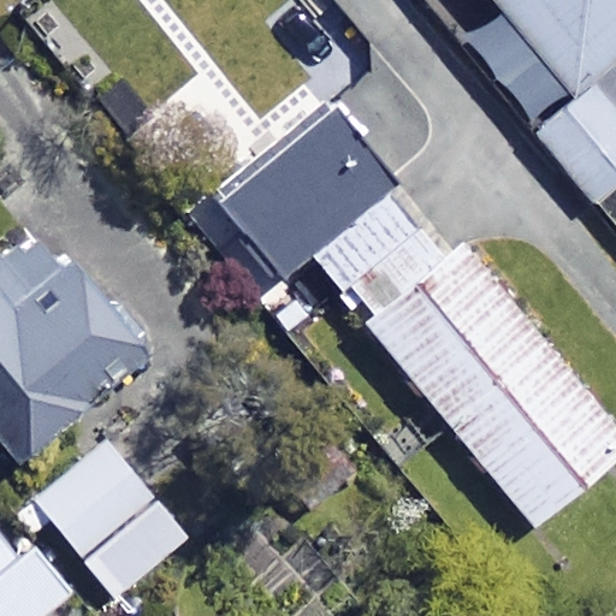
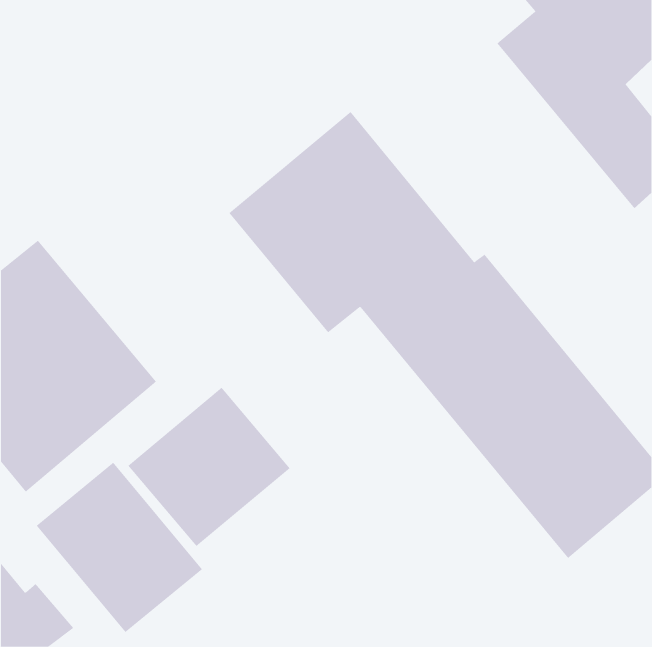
building: none -> [127,387,290,547]

